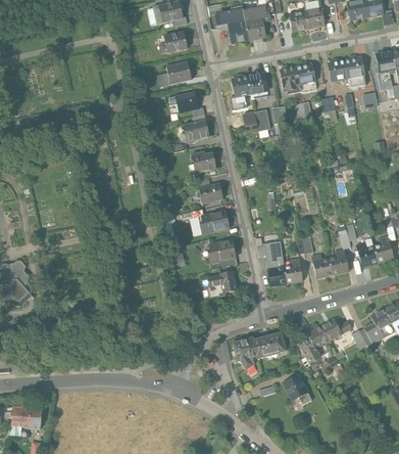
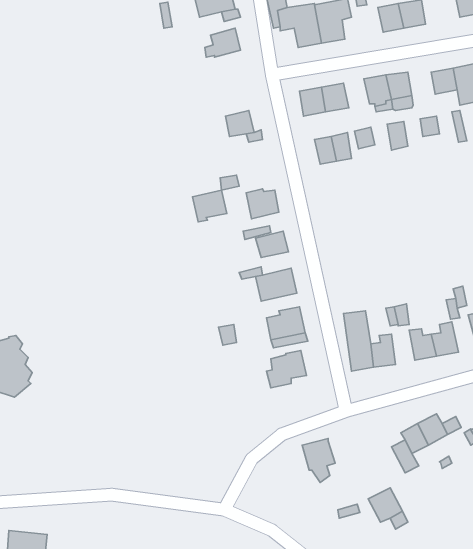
building: [159,60,192,85] -> none
building: [184,118,209,141] -> [193,190,227,222]
building: [253,330,287,357] -> none

